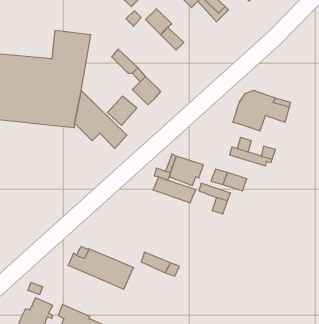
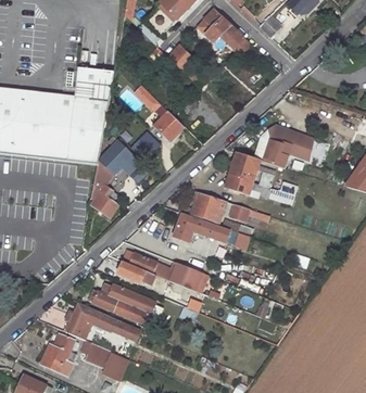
building: none -> [228,152,258,192]
building: none -> [89,159,117,217]
building: none -> [116,250,206,291]
building: none -> [64,301,140,339]

